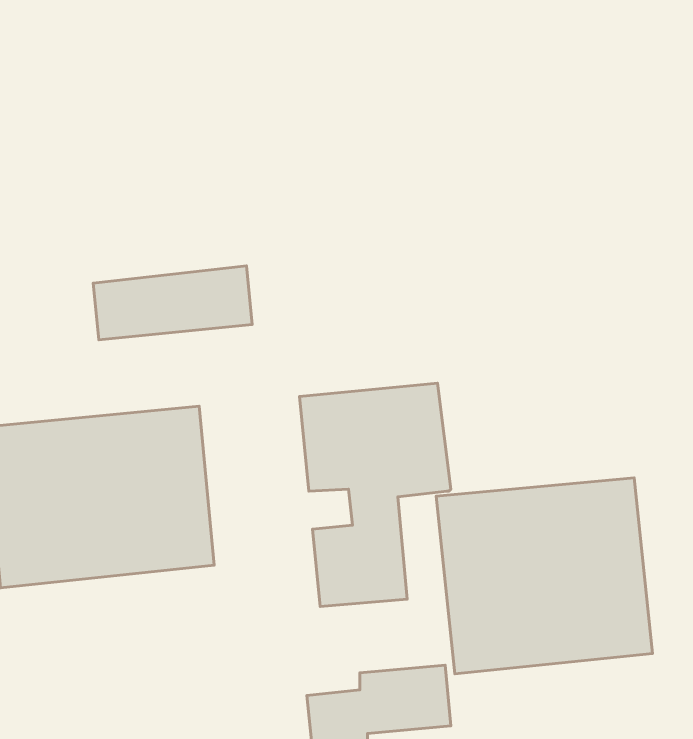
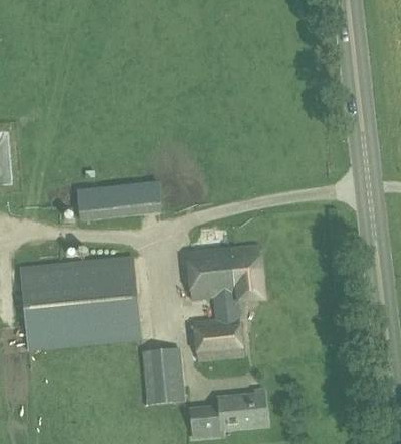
building: [436,478,653,674] -> none
building: none -> [141,347,185,404]

